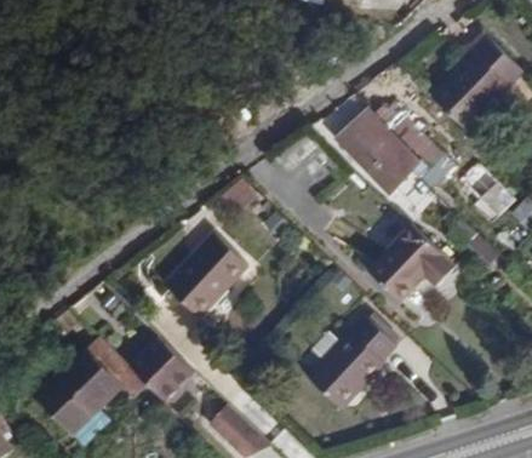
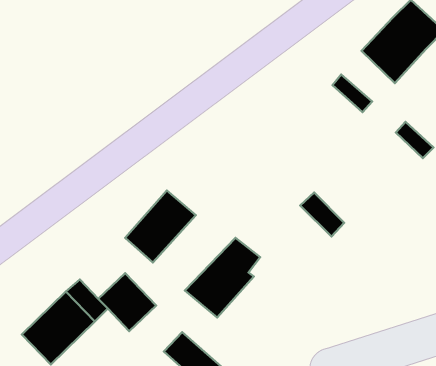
building: [327,96,417,185] -> none
building: [378,223,451,288] -> none
building: [305,326,390,416] -> [185,238,260,317]

